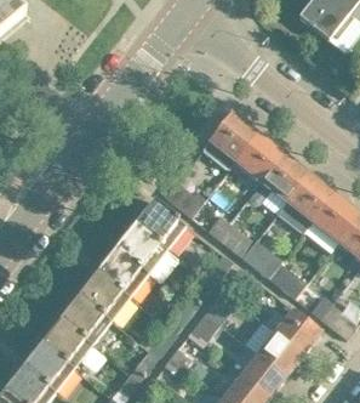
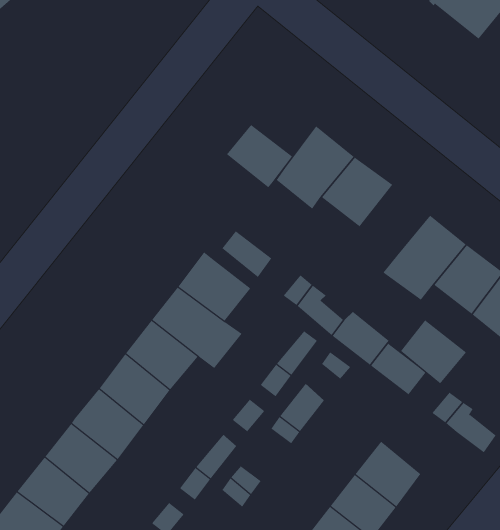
building: none -> [226,124,293,188]
building: [261,152,309,200] -> none
building: [275,307,321,352] -> [400,319,467,384]

